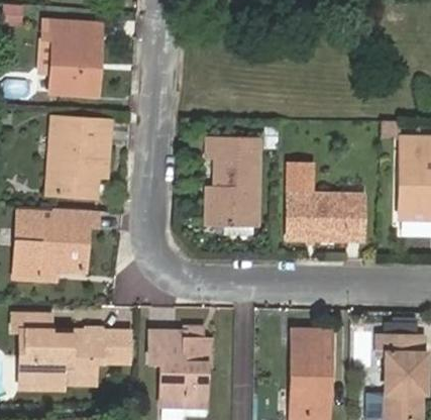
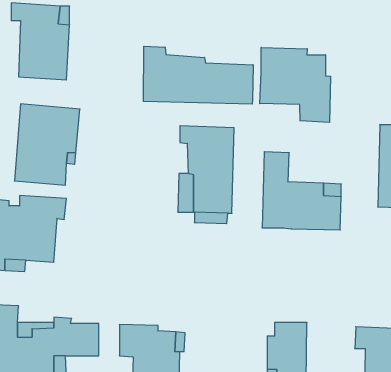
building: none -> [143,46,253,104]
building: none -> [260,47,330,122]

